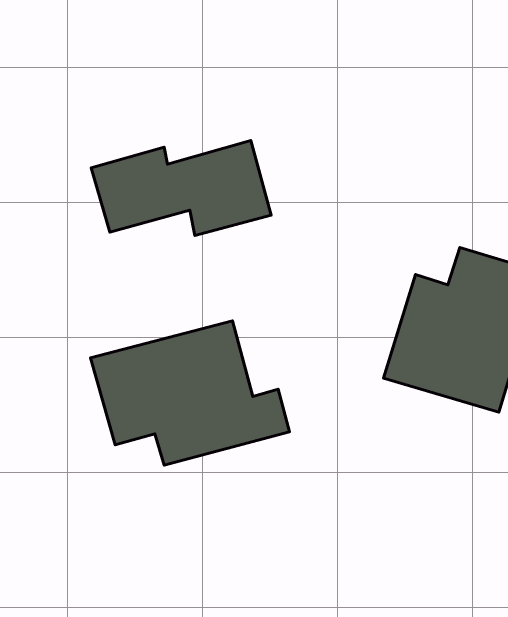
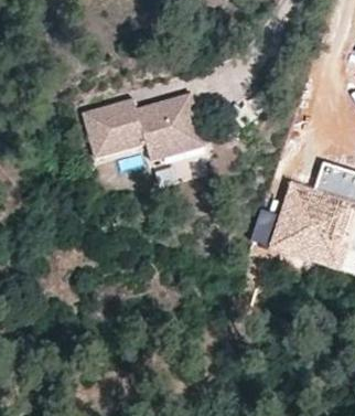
building: [91,321,289,465] -> none

